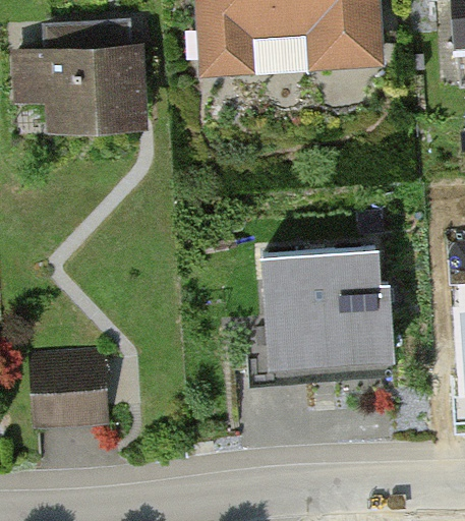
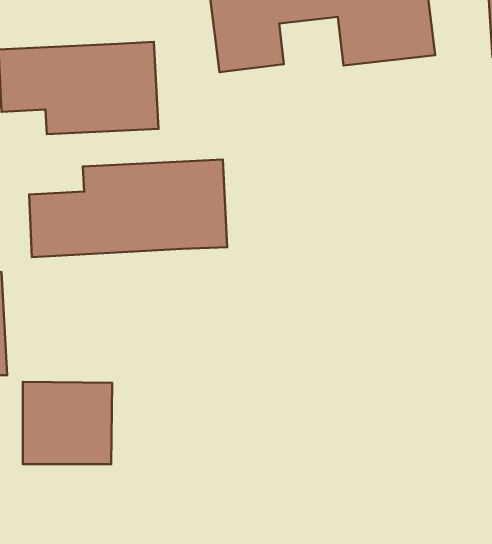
building: none -> [29,160,227,257]
building: [260,244,391,380] -> none

